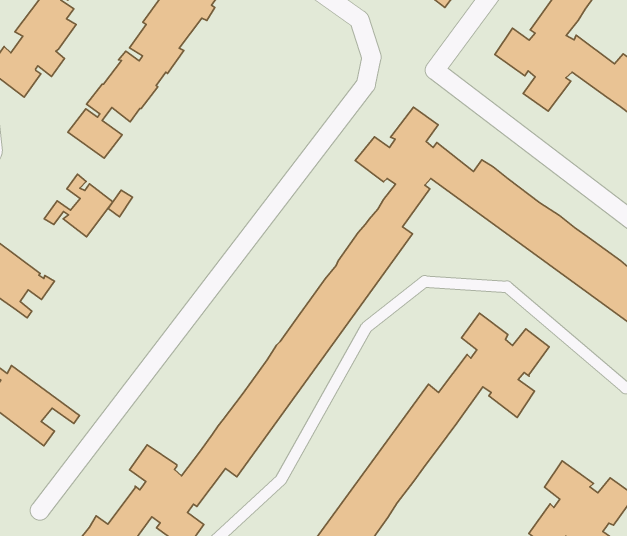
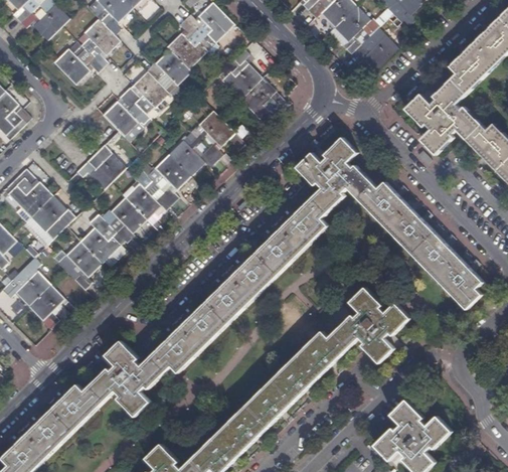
building: none -> [216,49,288,127]
building: none -> [60,111,233,290]

